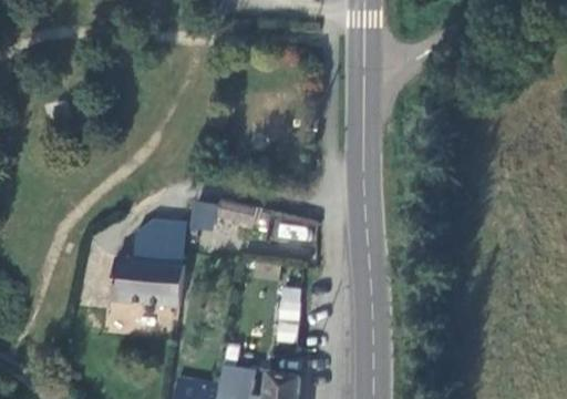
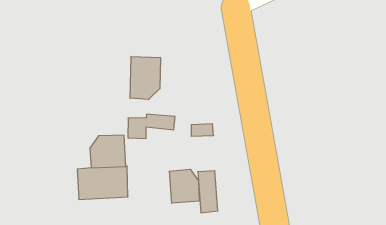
building: none -> [130,56,161,100]
building: none -> [170,169,199,203]

